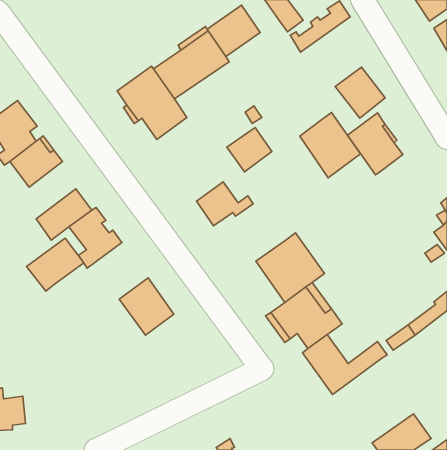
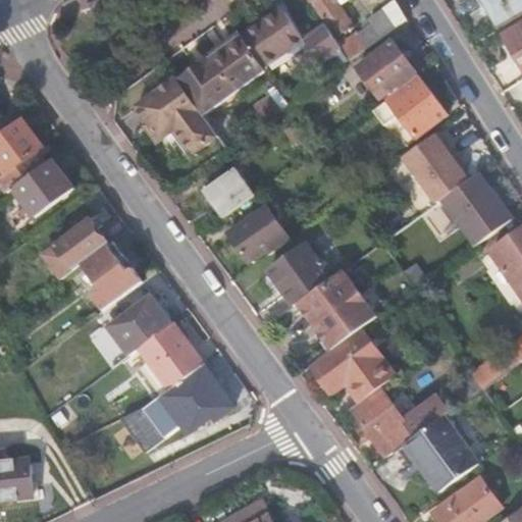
building: none -> [301,22,340,62]
building: none -> [355,41,413,98]
building: [300,112,361,178] -> [440,170,511,246]
building: [227,128,272,172] -> [201,166,253,217]
building: none -> [266,244,329,305]
building: [26,238,84,291] -> [105,293,171,354]
building: none -> [127,363,231,445]
building: none -> [396,414,477,491]

